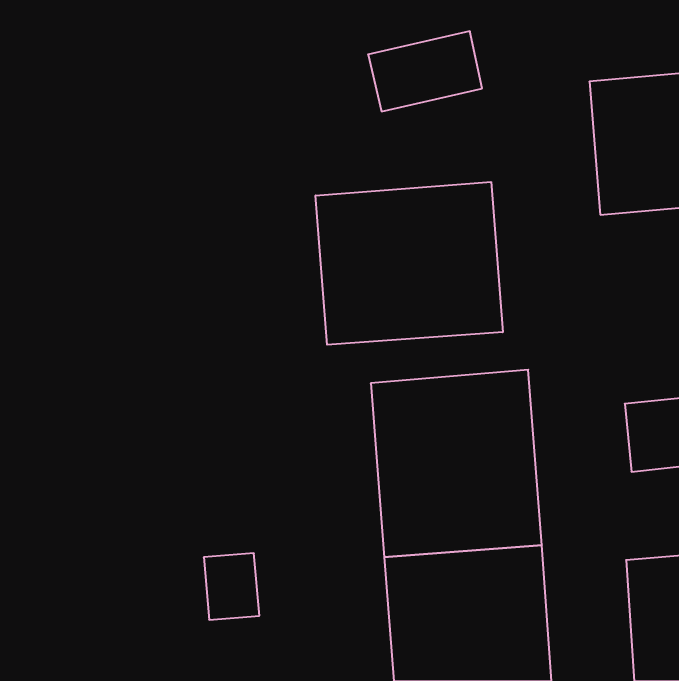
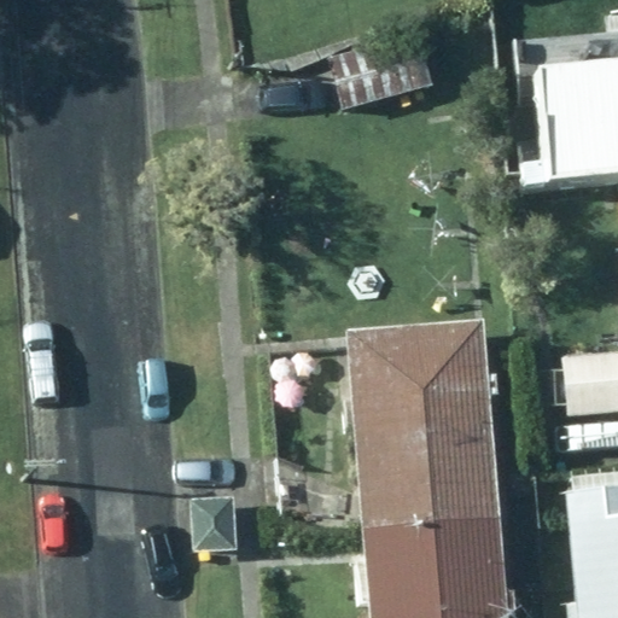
building: [316,182,503,345] -> none

